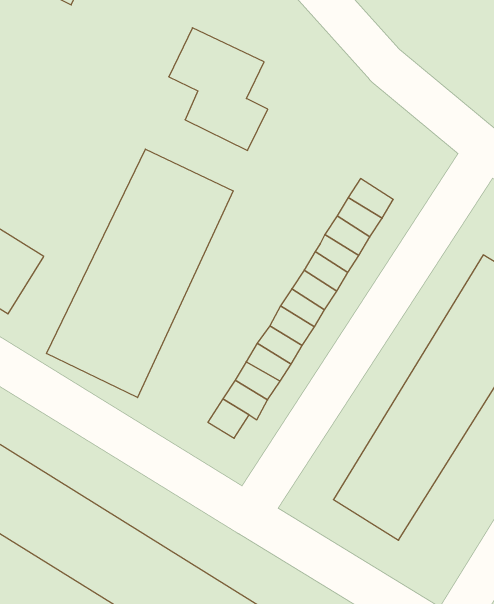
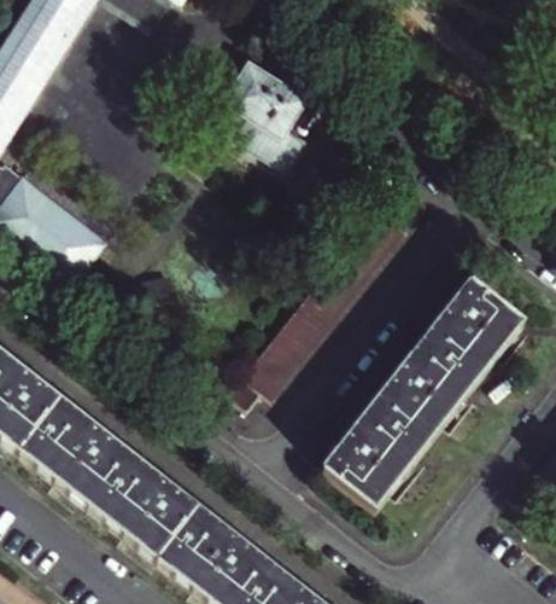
building: [47,149,233,398] -> none

